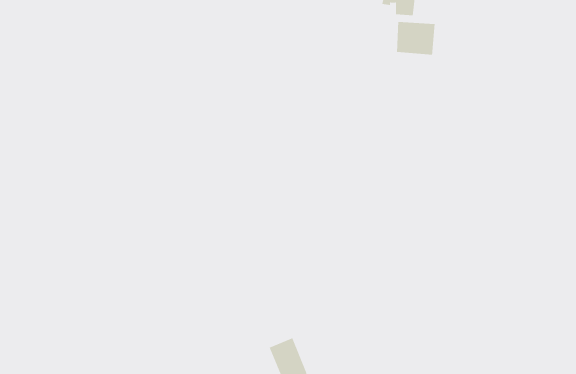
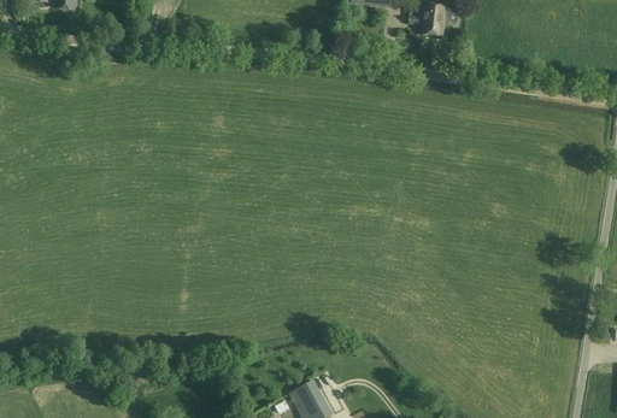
building: [396,21,435,55] -> none

